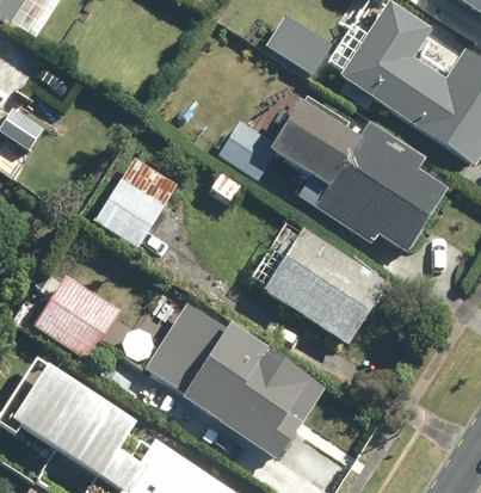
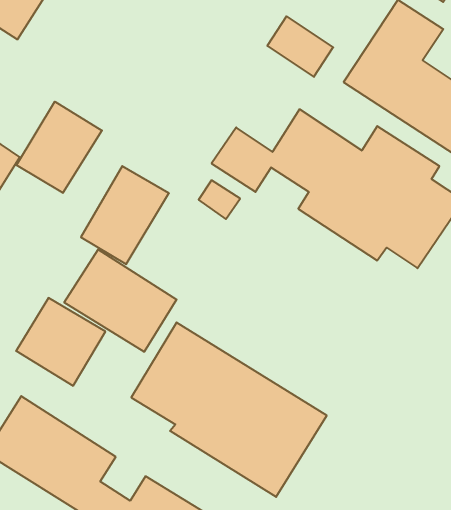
building: none -> [17,102,102,193]
building: [260,227,384,344] -> none
building: none -> [64,249,177,352]

